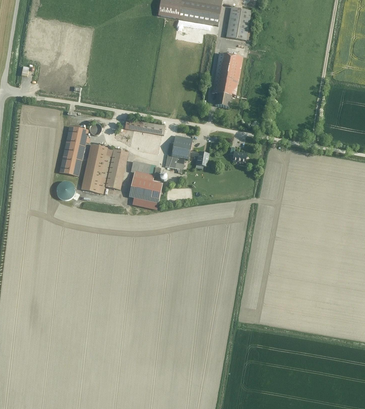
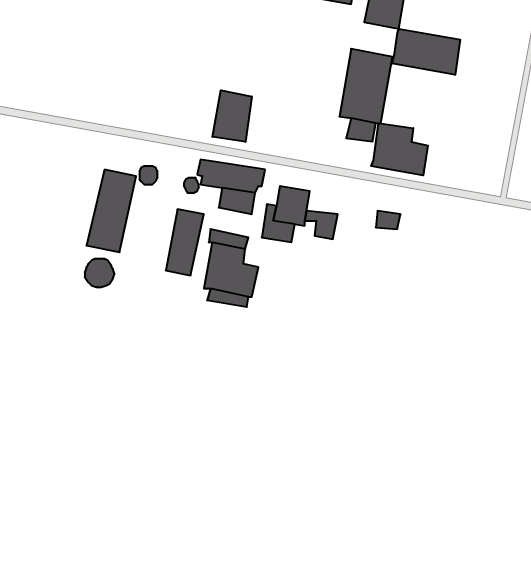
building: none -> [392,29,460,75]
building: none -> [212,90,252,142]
building: none -> [371,123,428,175]
building: [82,145,113,193] -> none

